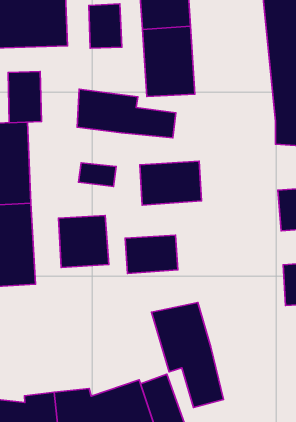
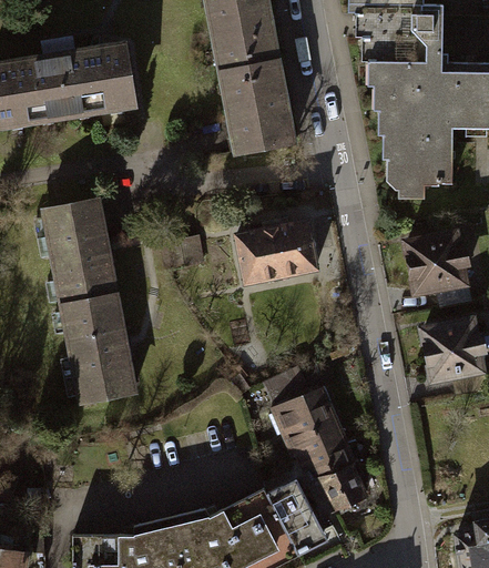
building: [89,4,122,48] -> none
building: [8,71,42,123] -> none
building: [77,89,176,138] -> none
building: [58,215,109,267] -> none
building: [125,235,178,274] -> none

